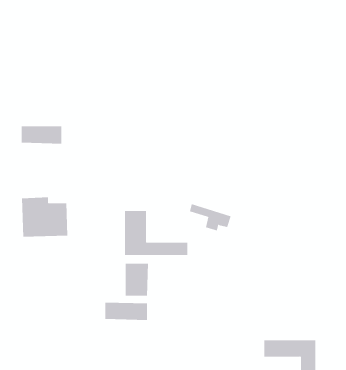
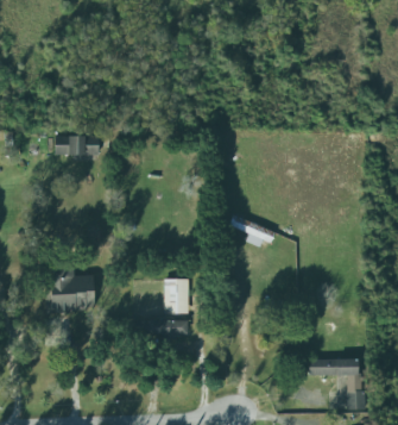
building: [21,197,68,237] -> [46,270,95,312]
building: [125,210,188,256] -> none

